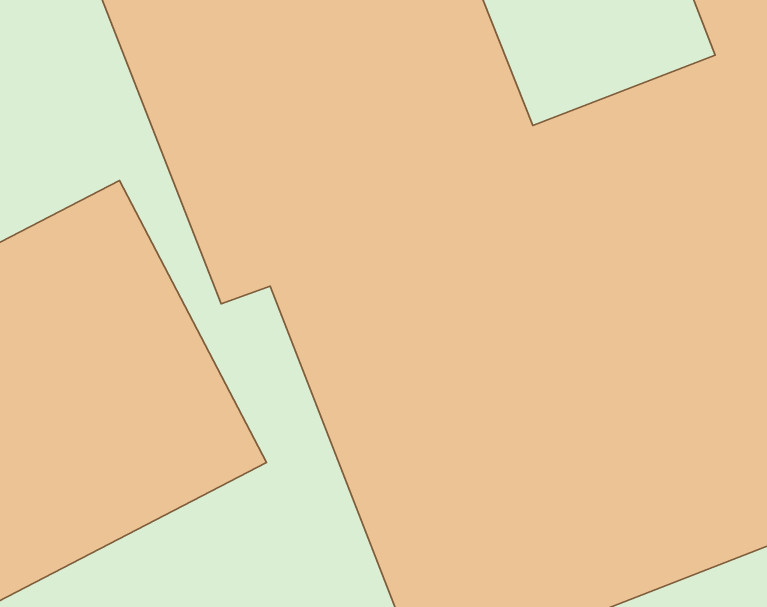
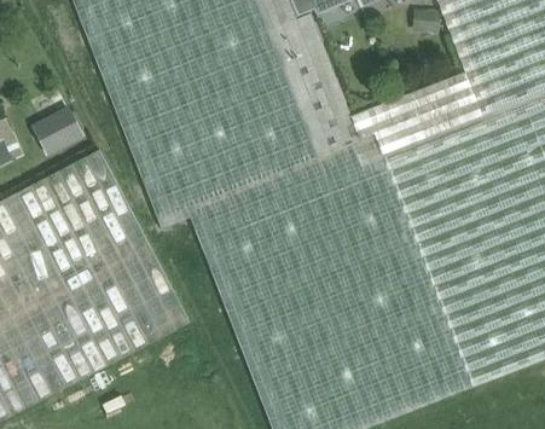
building: none -> [33,108,83,155]

